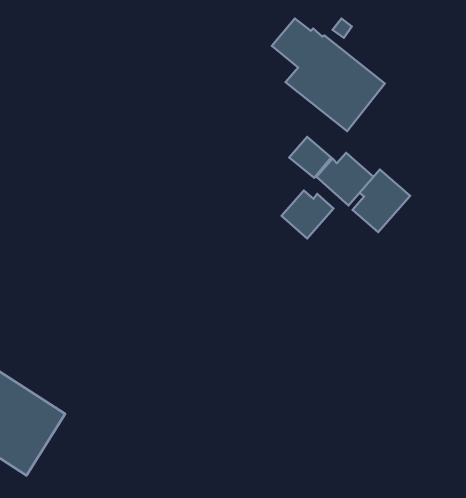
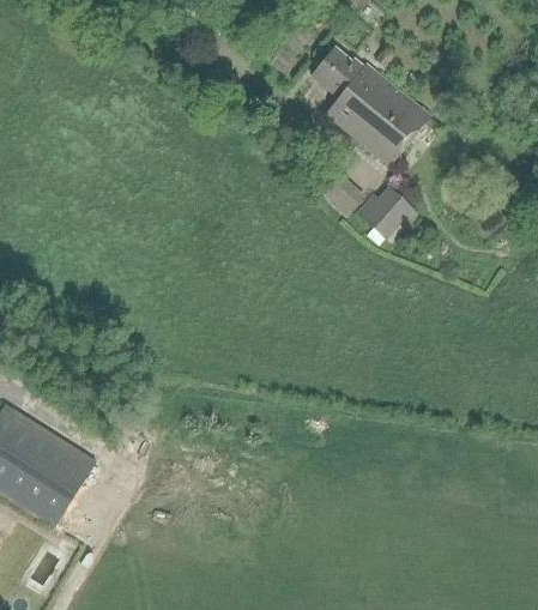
building: [353,170,410,232] -> none
building: [281,191,333,239] -> none

